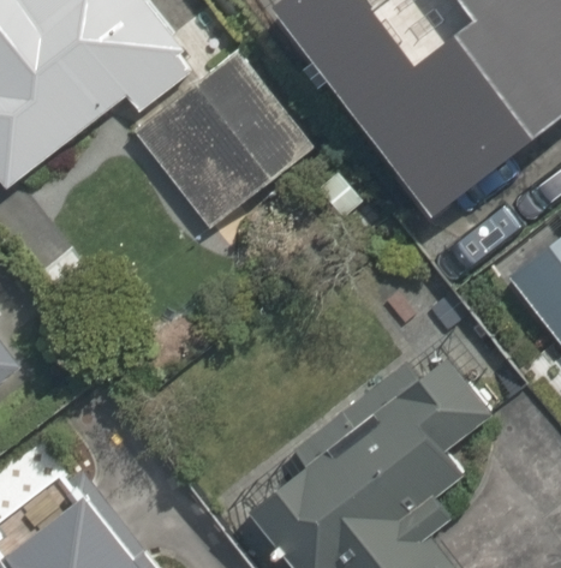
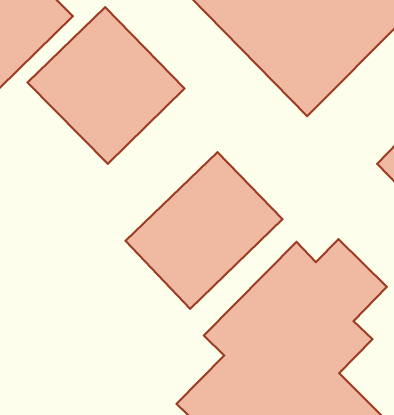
building: none -> [126,152,282,309]

